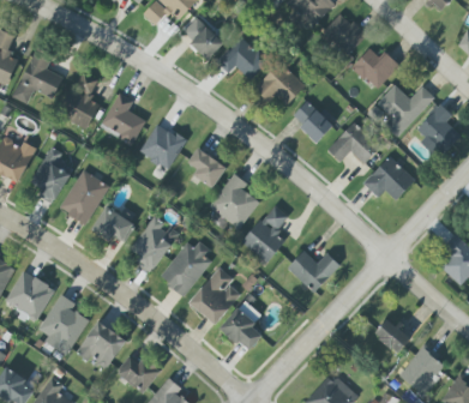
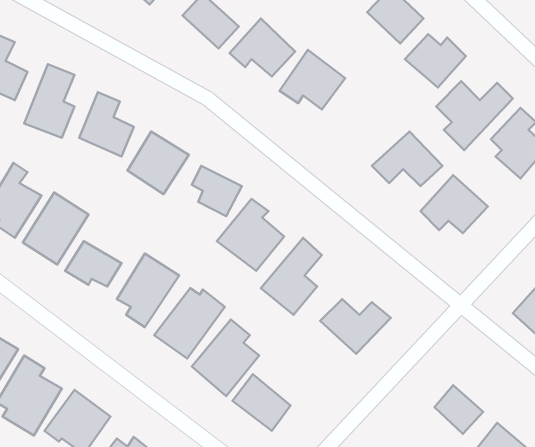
building: [291,101,333,142] -> none

